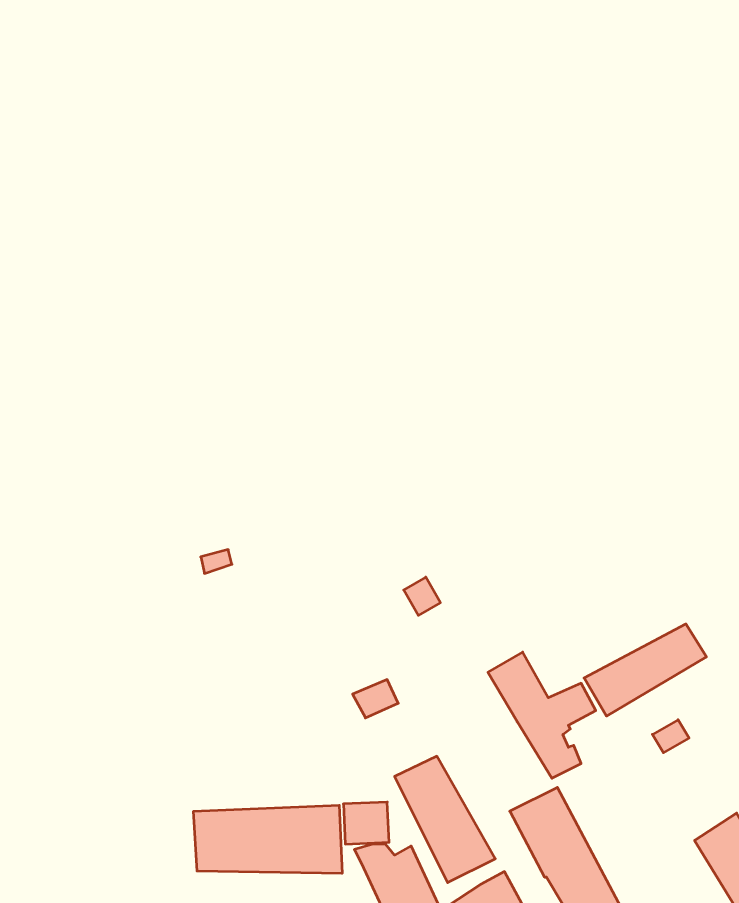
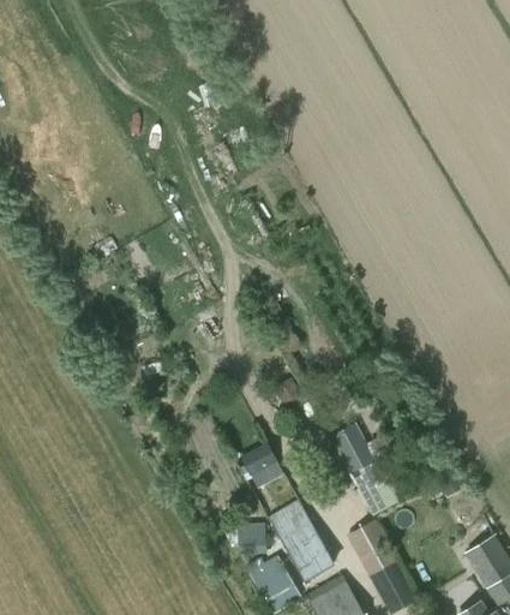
building: [584,624,706,716] -> none
building: [194,805,342,873] -> none

